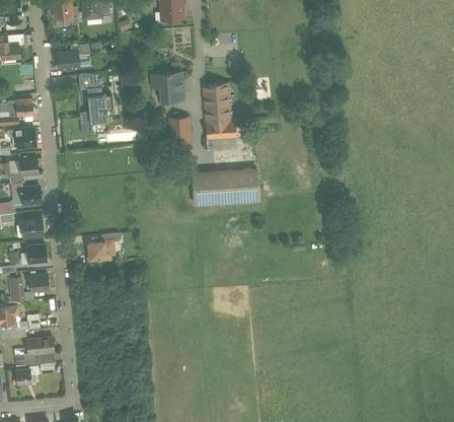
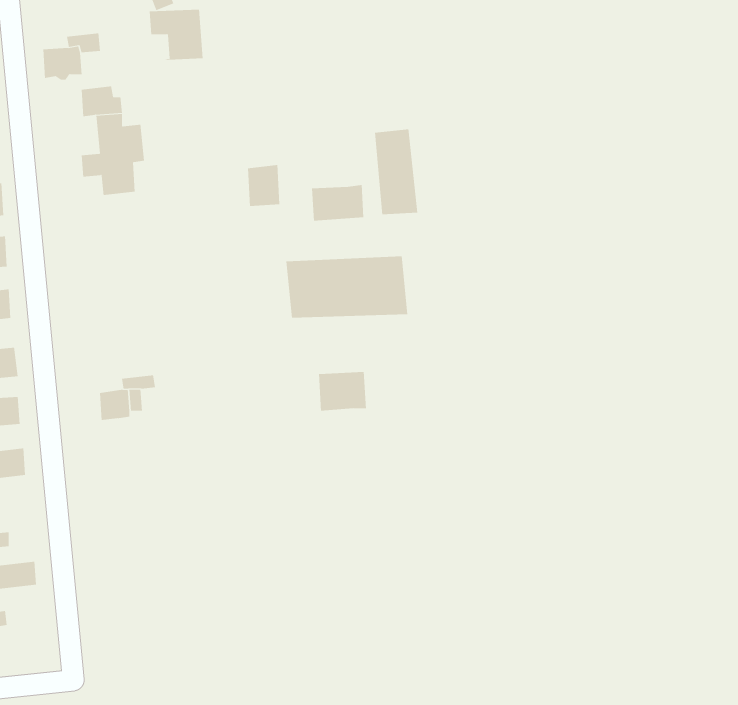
building: [154,72,184,100] -> [149,9,204,60]
building: [202,82,226,130] -> [374,129,418,215]
building: none -> [318,371,367,411]

